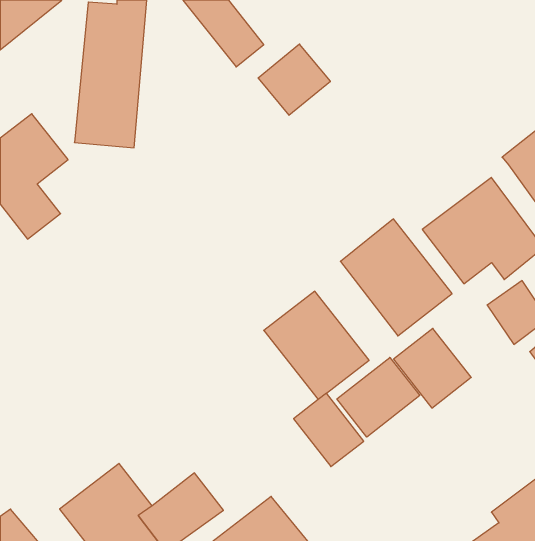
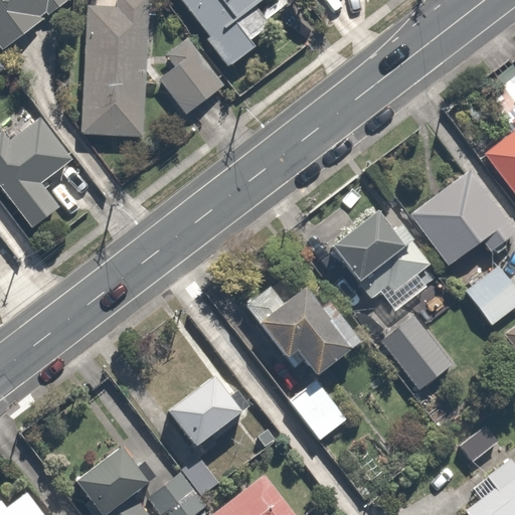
building: [258,44,330,115] -> [159,49,227,117]
building: [337,357,420,437] -> none
building: none -> [163,369,241,444]

